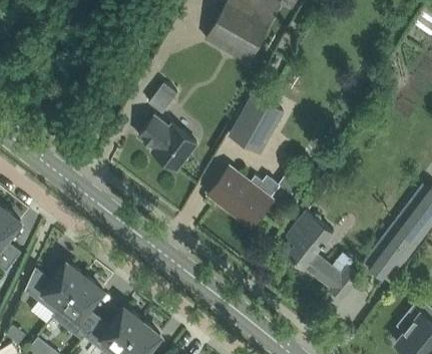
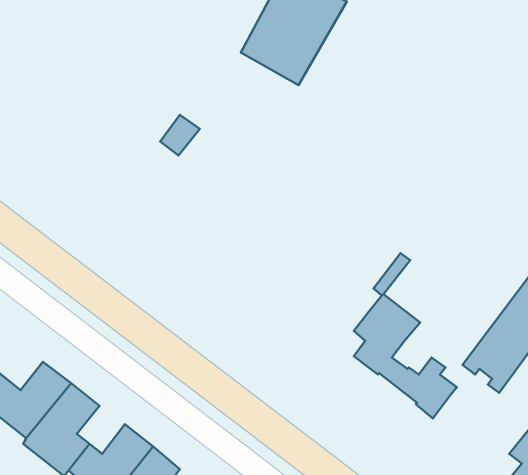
building: [228,94,285,155] -> none
building: [138,116,196,171] -> none
building: [208,168,279,229] -> none

